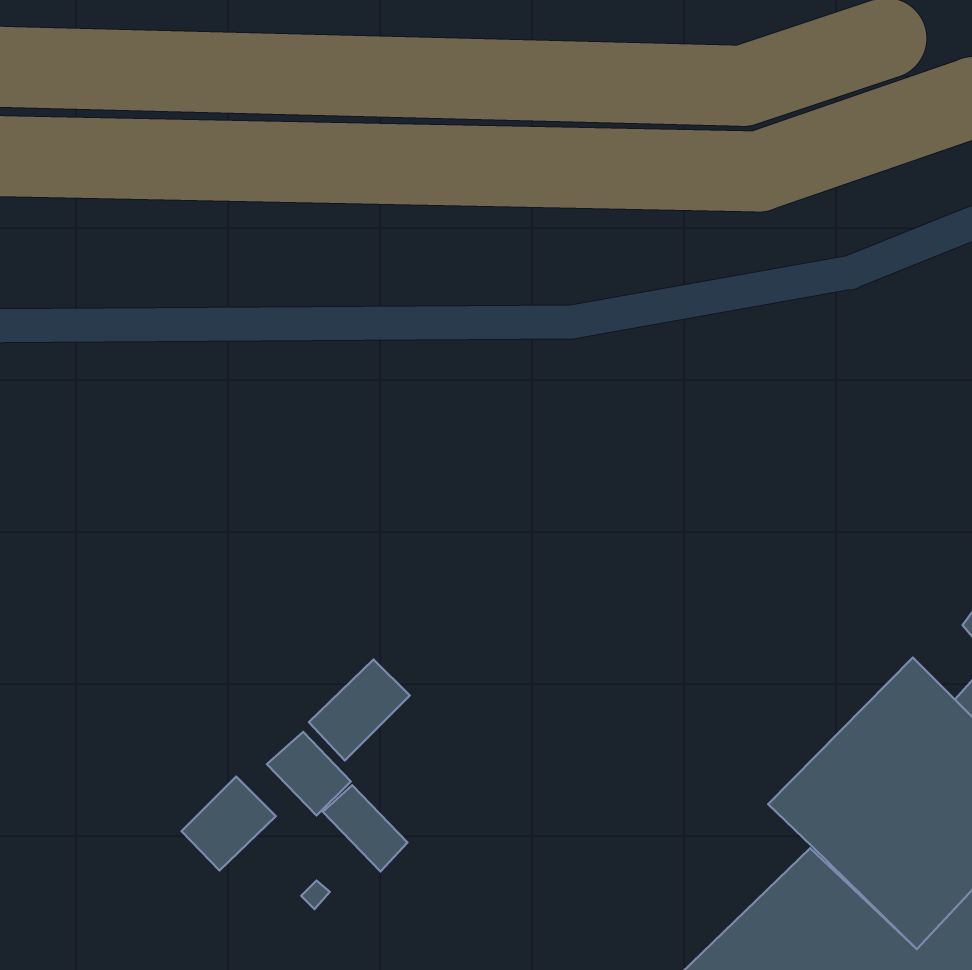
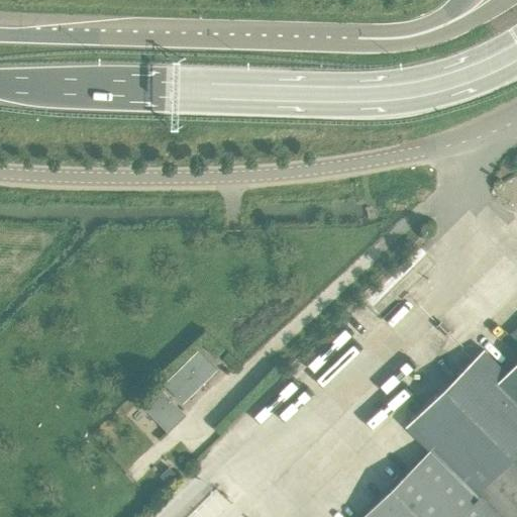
building: [182,777,276,871] -> none
building: [323,785,407,871] -> none

